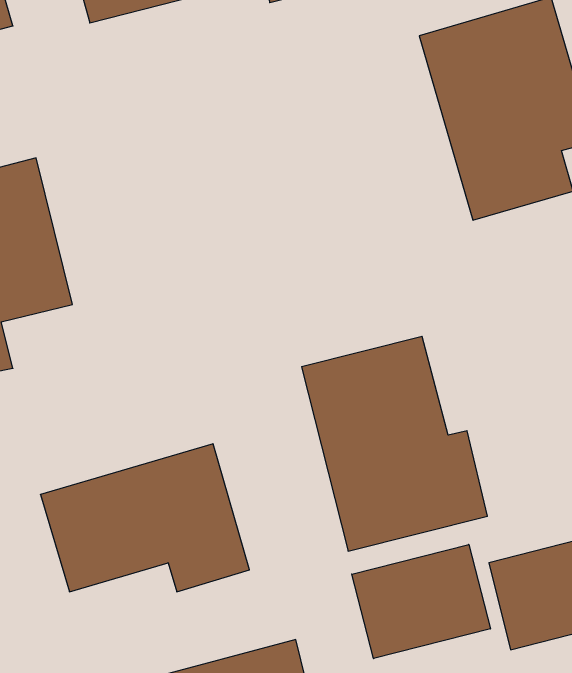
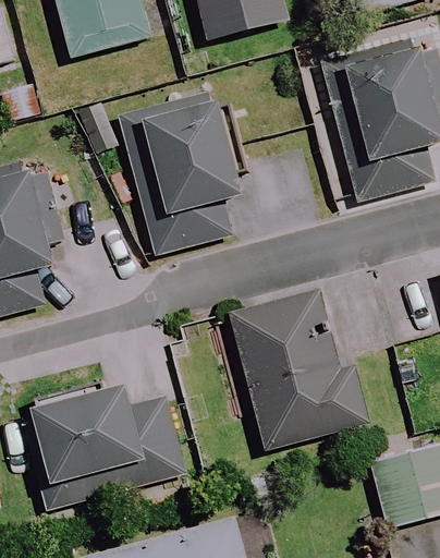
building: none -> [120,88,247,262]
building: [352,544,490,659] -> none

